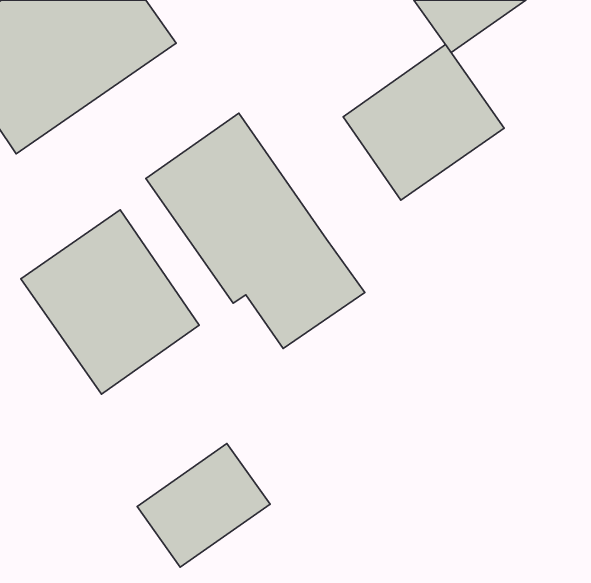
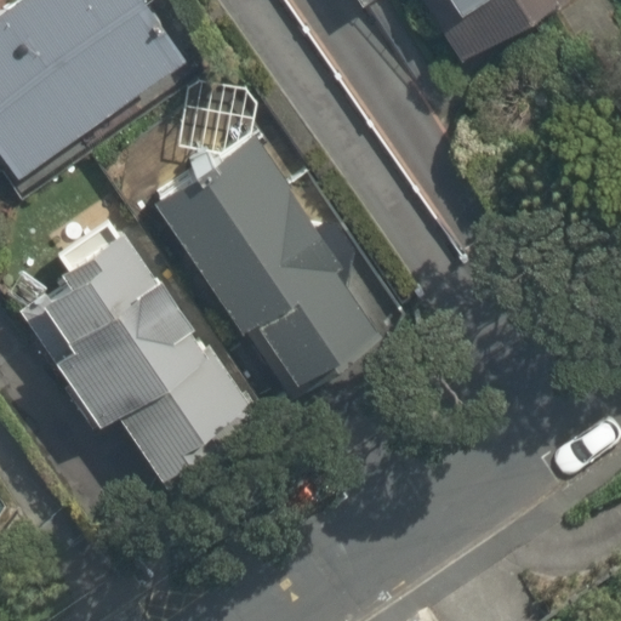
building: [343,44,504,200] -> none
building: [137,444,270,567] -> [114,352,252,480]

